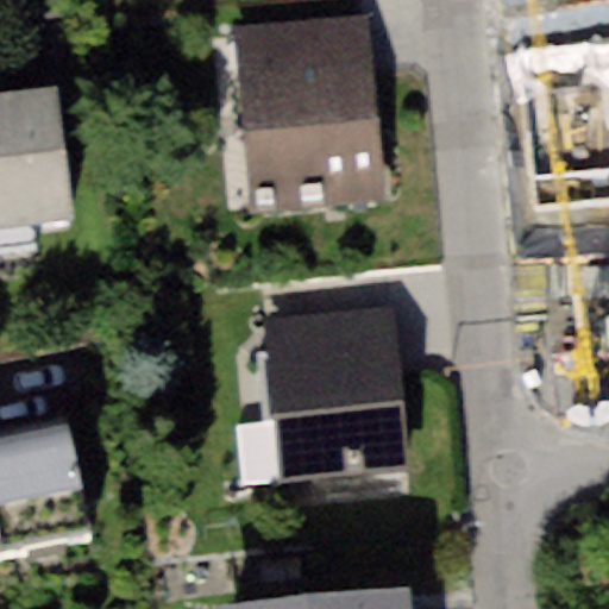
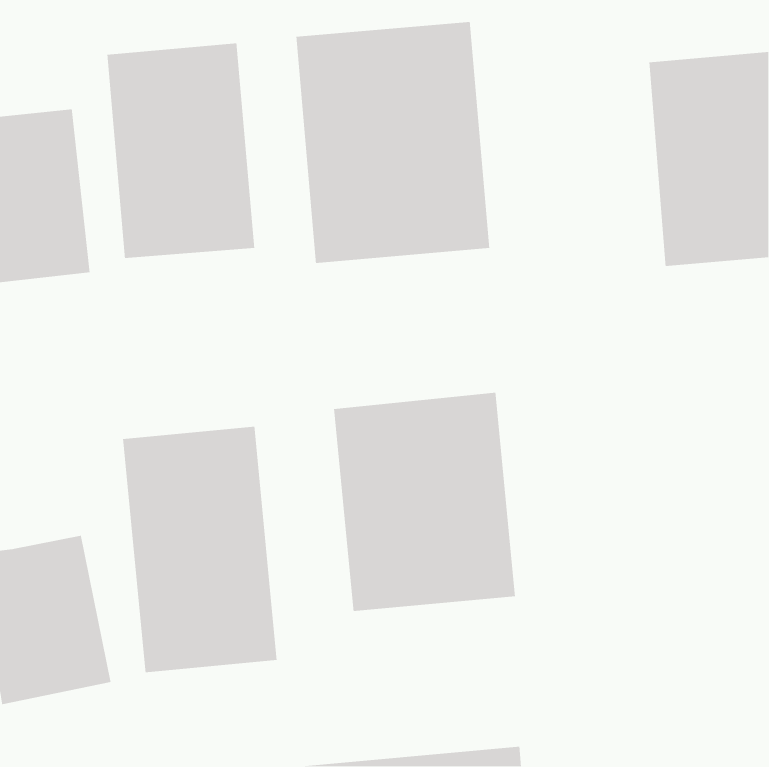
building: none -> [107,42,255,259]
building: none -> [122,426,278,673]

